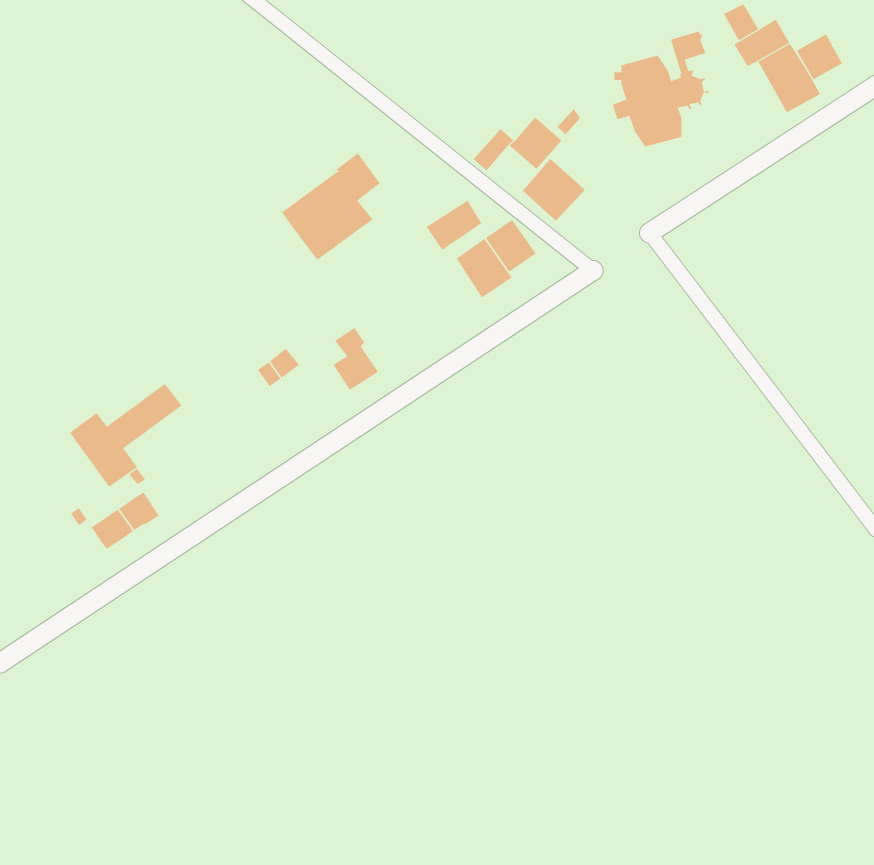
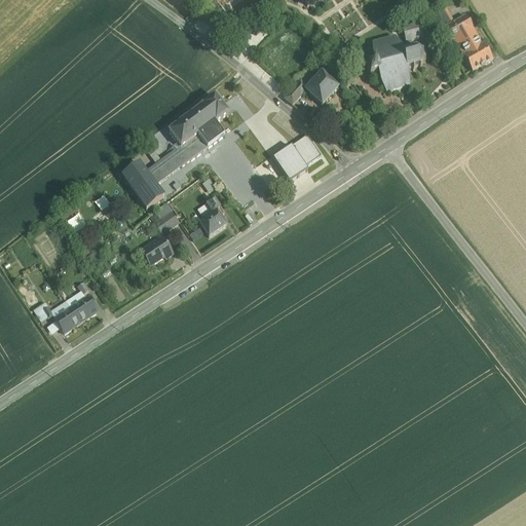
building: [796,34,843,80] -> none
building: [522,158,586,221] -> none
building: [426,200,482,251] -> none
building: [69,383,182,488] -> [123,143,191,205]
building: none -> [141,234,174,263]

